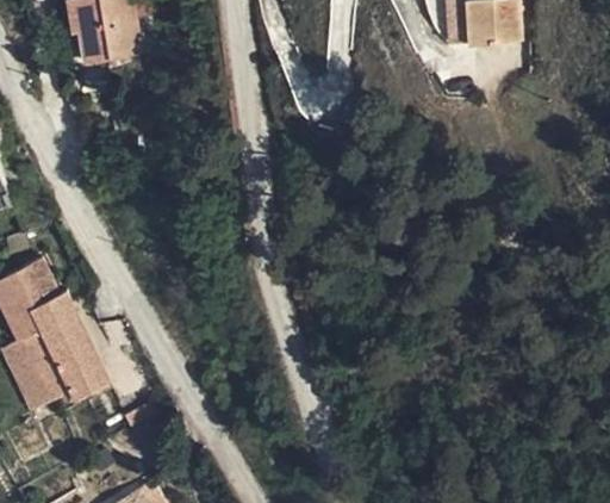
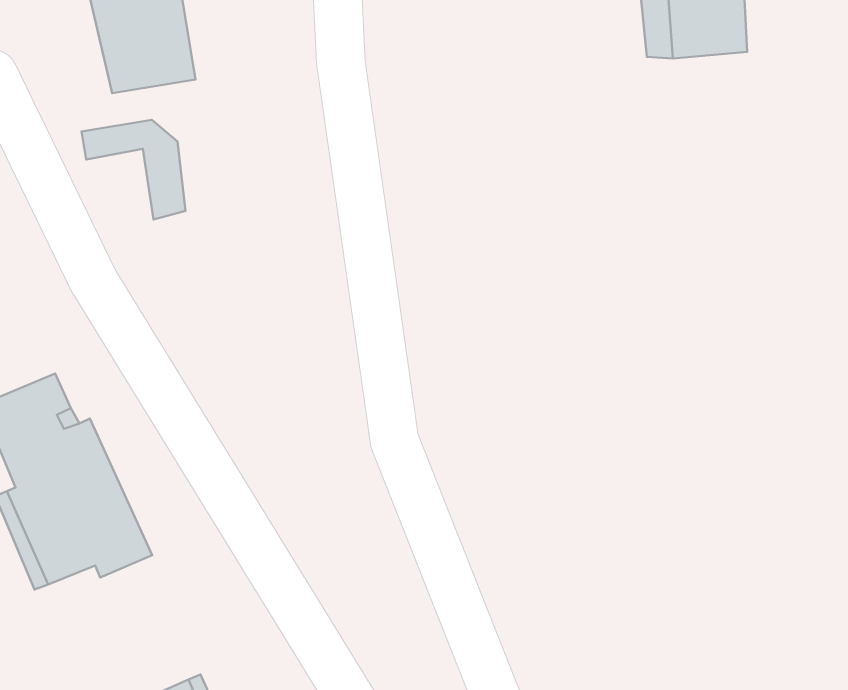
building: none -> [82,120,186,220]

